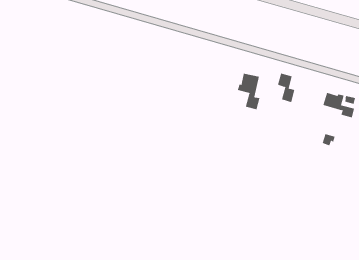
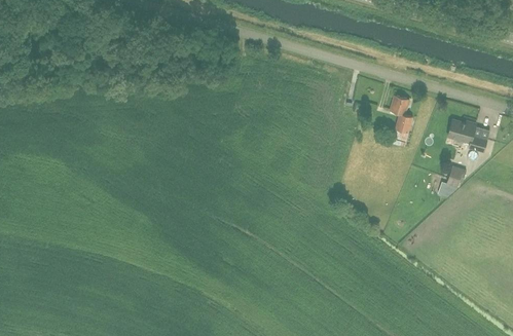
building: [237,73,260,110] -> none

